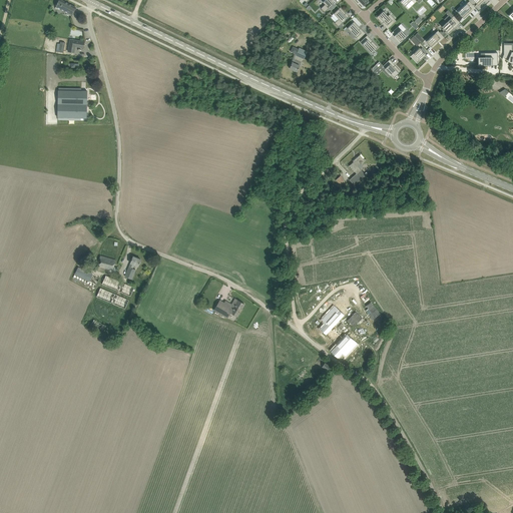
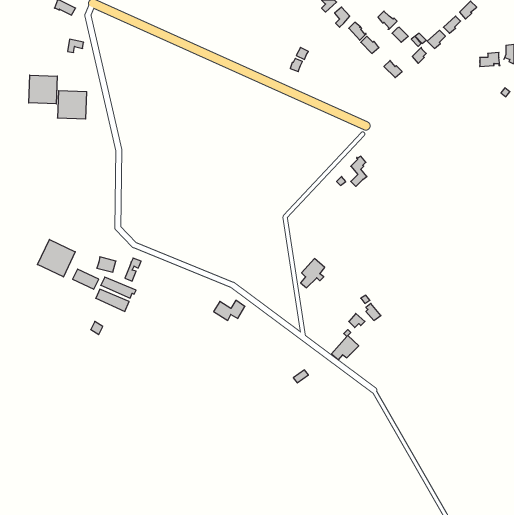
building: none -> [29,75,57,104]
building: none -> [37,239,75,277]
building: [319,306,343,335] -> [301,259,325,288]

